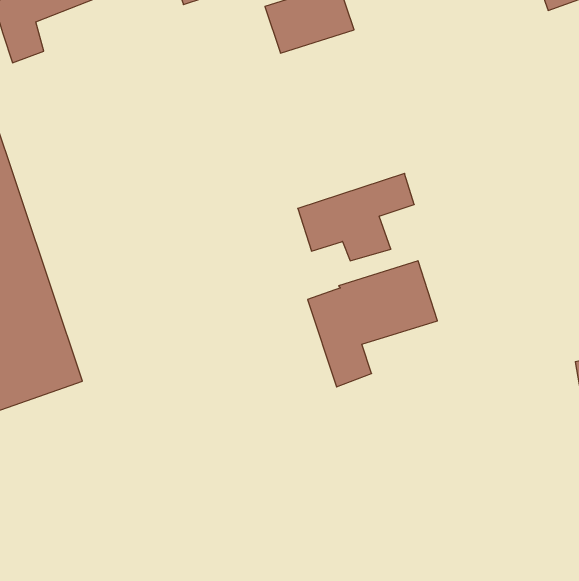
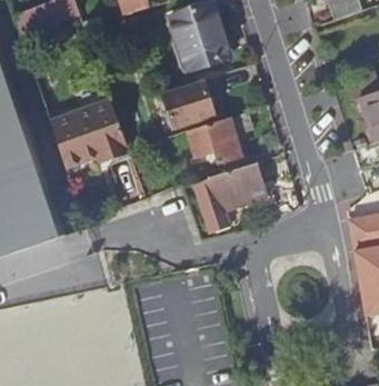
building: none -> [178,31,228,71]
building: none -> [162,83,212,129]
building: none -> [49,100,128,170]

